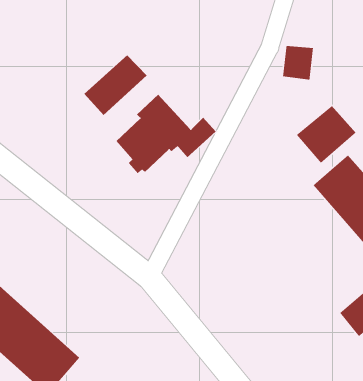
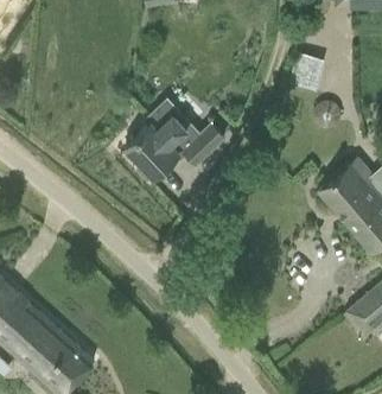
building: [83,54,147,116] -> none
building: [296,105,356,164] -> none

